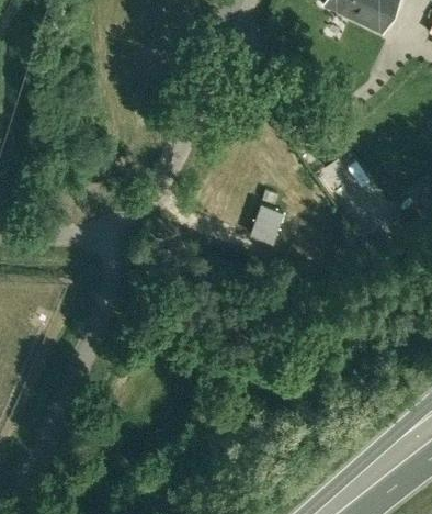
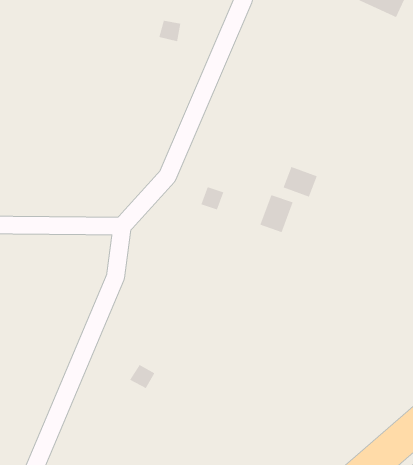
building: none -> [283,166,318,198]

